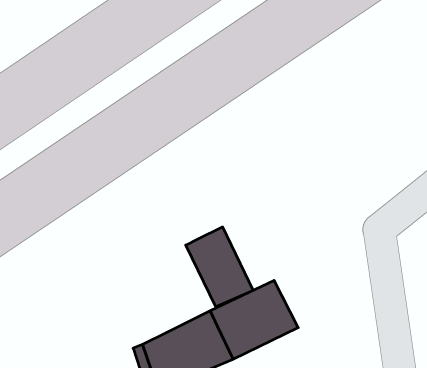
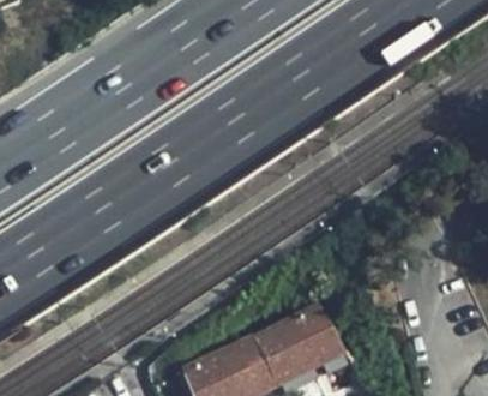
building: [186,227,253,307] -> none

